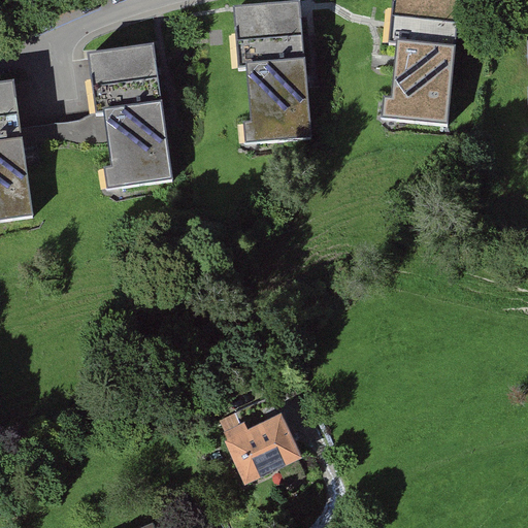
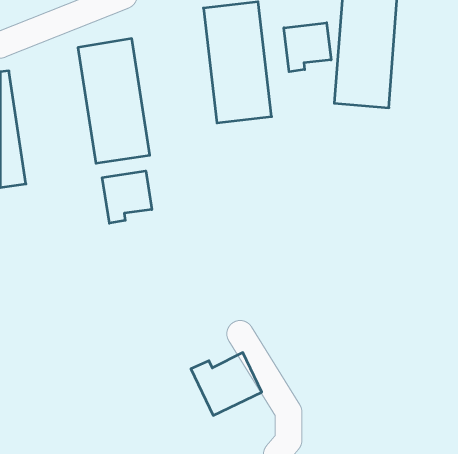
building: none -> [284,23,331,72]
building: none -> [102,171,152,223]

